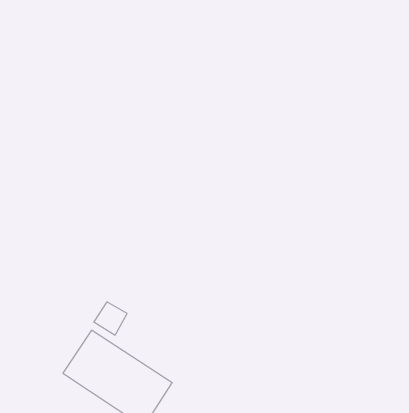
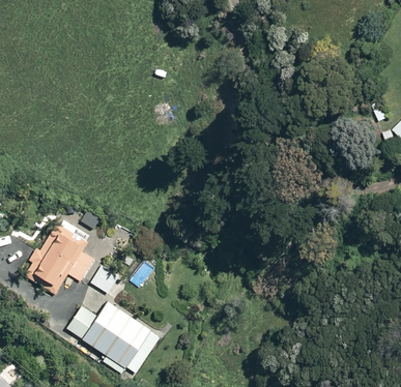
building: none -> [31,228,90,293]

